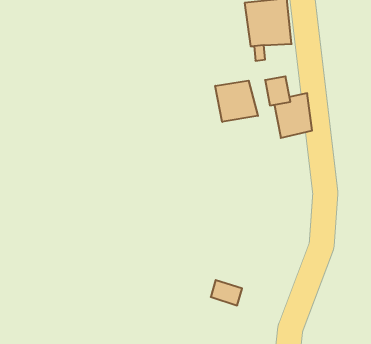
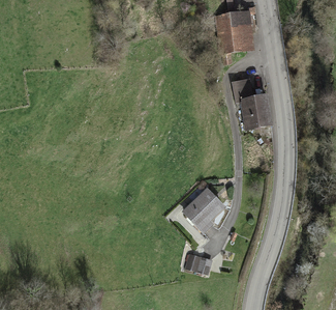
building: [215,81,258,122] -> none
building: none -> [180,186,226,234]

